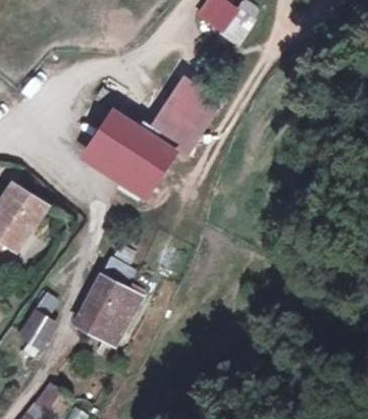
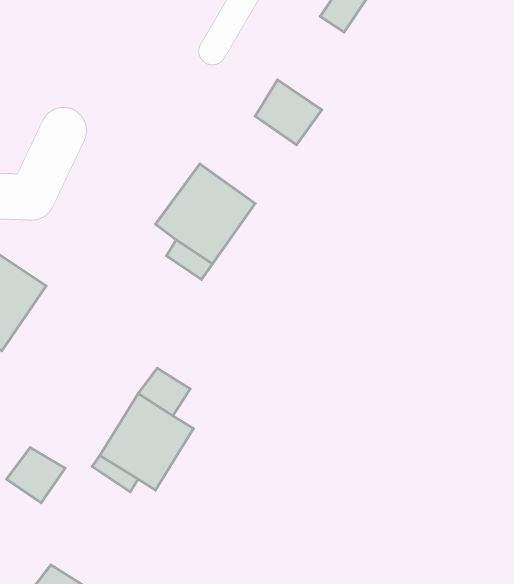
building: [149,95,207,155] -> none
building: [85,108,142,166] -> none

